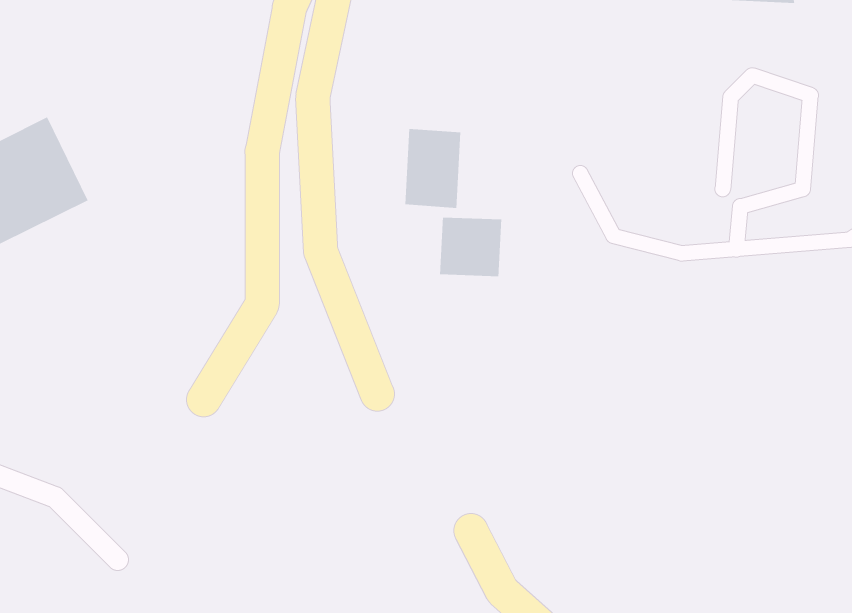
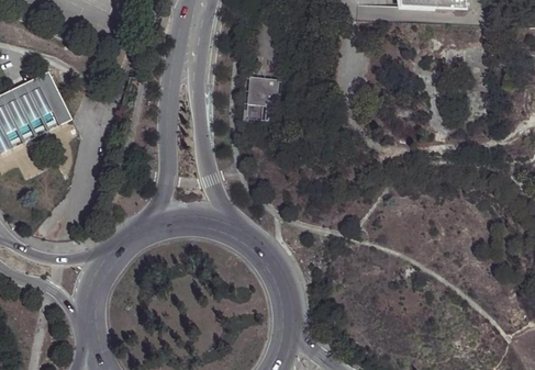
building: [440,217,502,277] -> none

